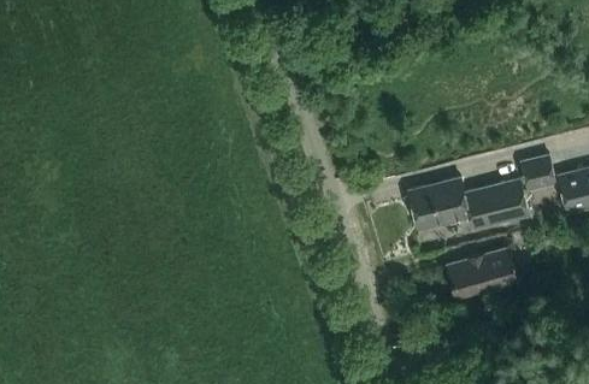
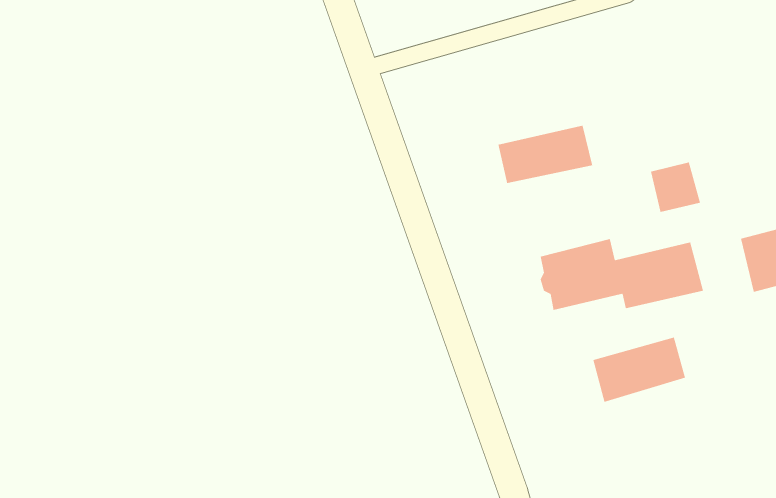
building: none -> [498,125,593,184]
building: [520,155,558,193] -> [650,162,701,213]

